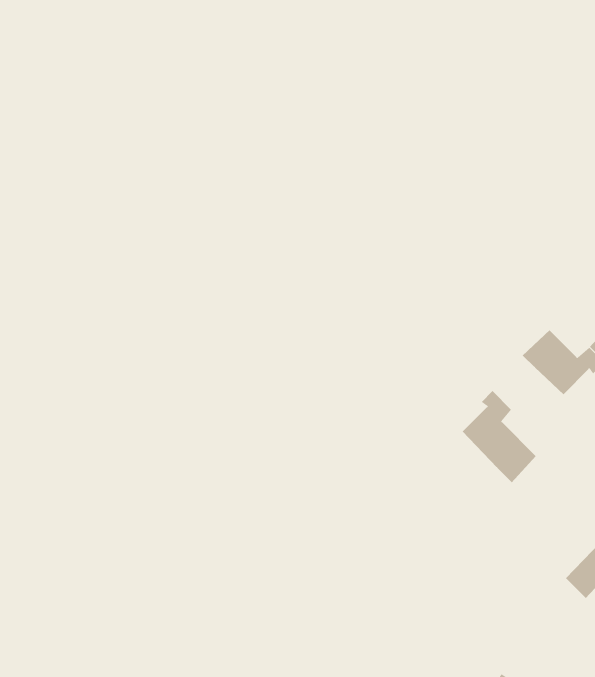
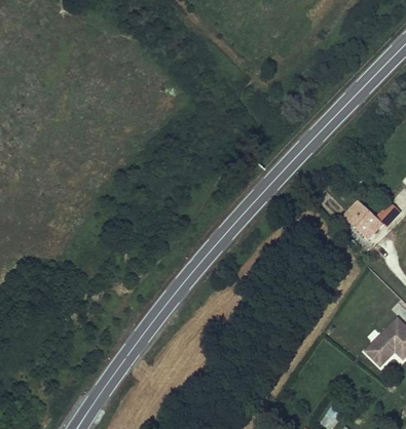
building: [462,390,536,483] -> none

